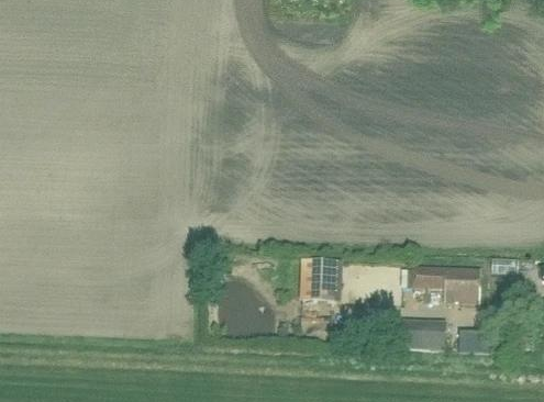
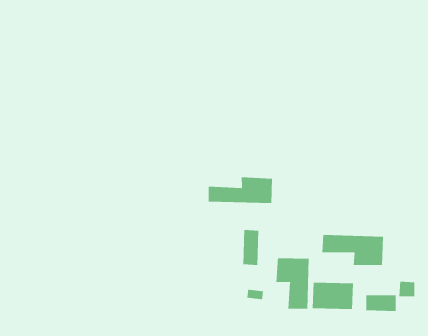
building: none -> [208,176,272,204]
building: none -> [276,258,309,309]

